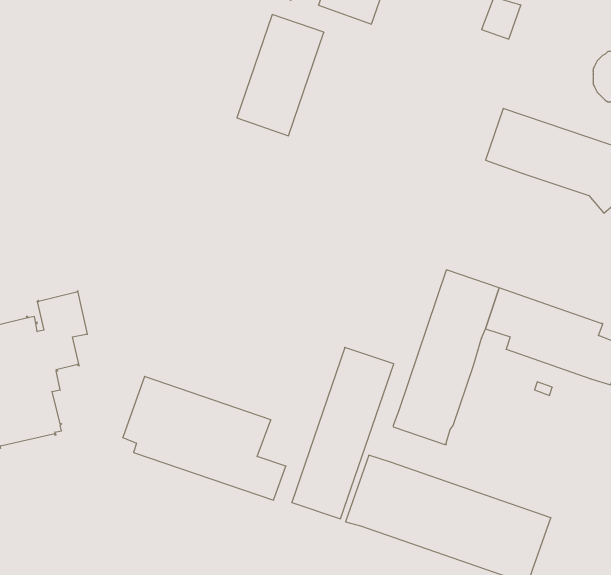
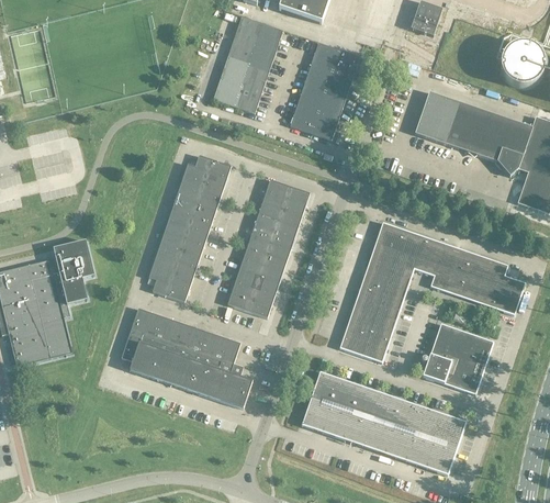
building: none -> [290,42,360,139]
building: none -> [146,155,231,302]
building: [292,347,394,519] -> [227,179,310,317]
building: none -> [422,323,494,394]

